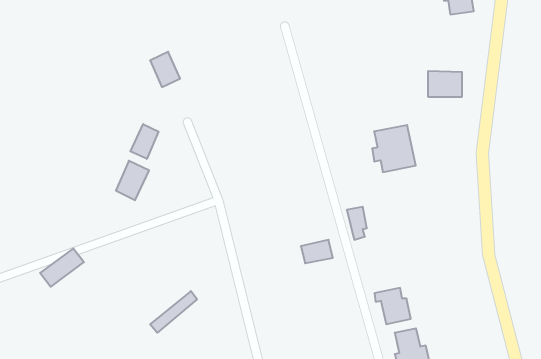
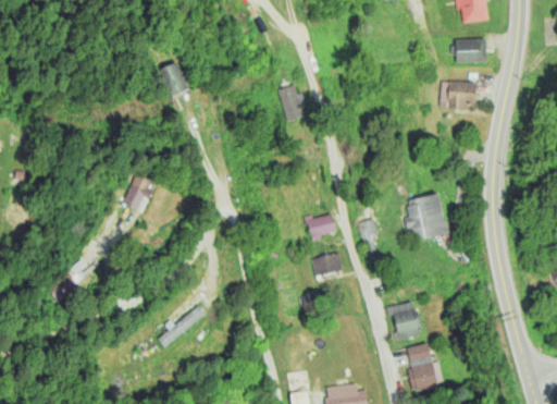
building: none -> [455,38,486,62]
building: none -> [280,85,305,121]
building: [130,124,158,159] -> none
building: [372,125,416,172] -> [404,193,448,241]
building: none -> [306,212,335,237]

